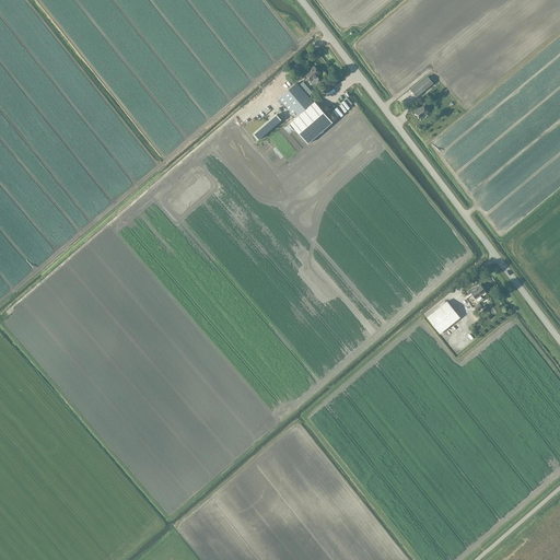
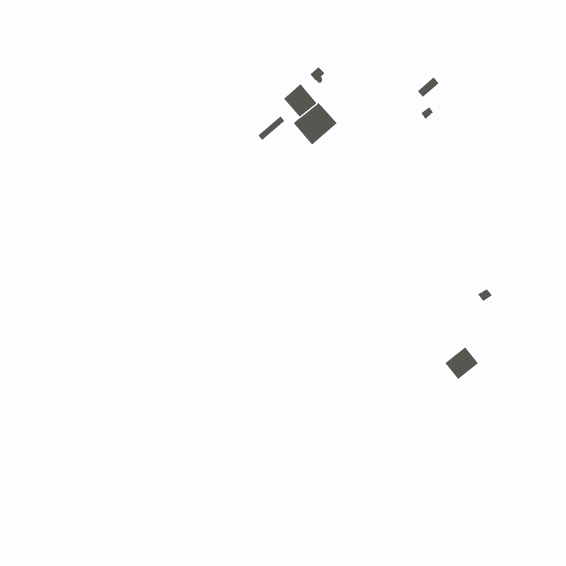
building: [428,300,462,332] -> [445,347,479,380]

